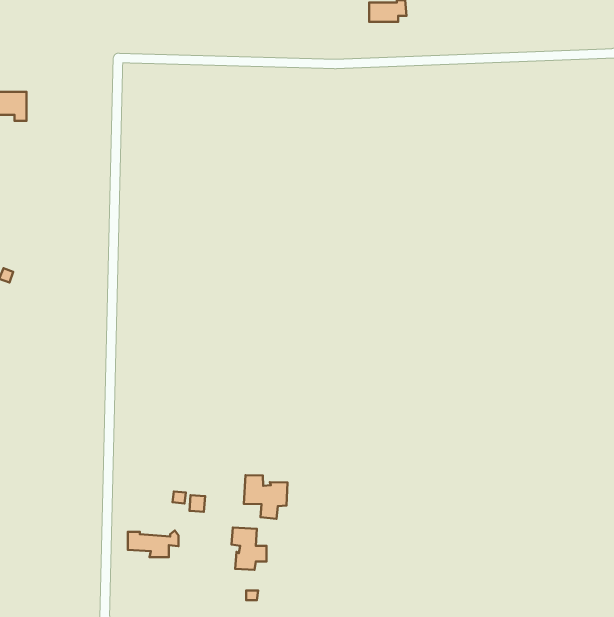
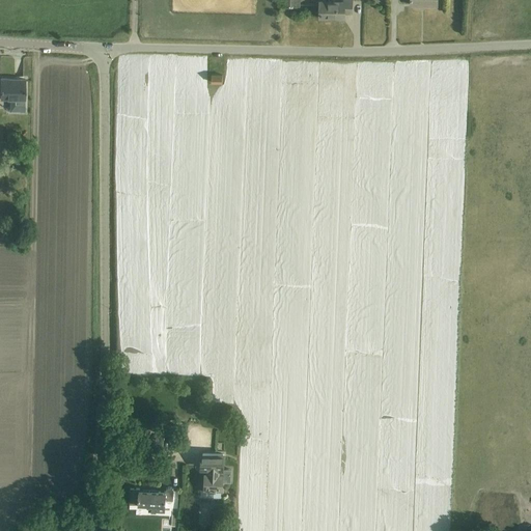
building: [244,475,288,519] -> none
building: [128,531,178,557] -> [128,486,171,509]

